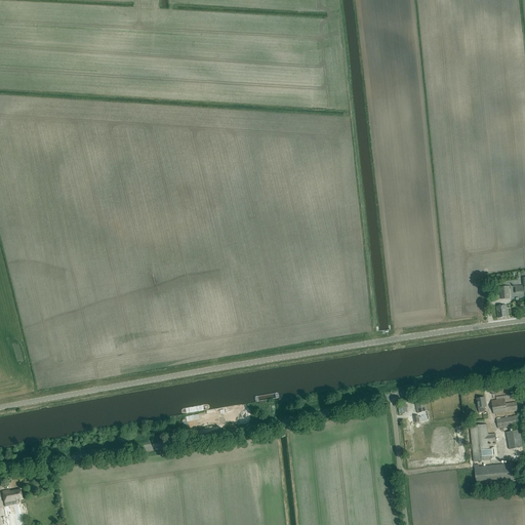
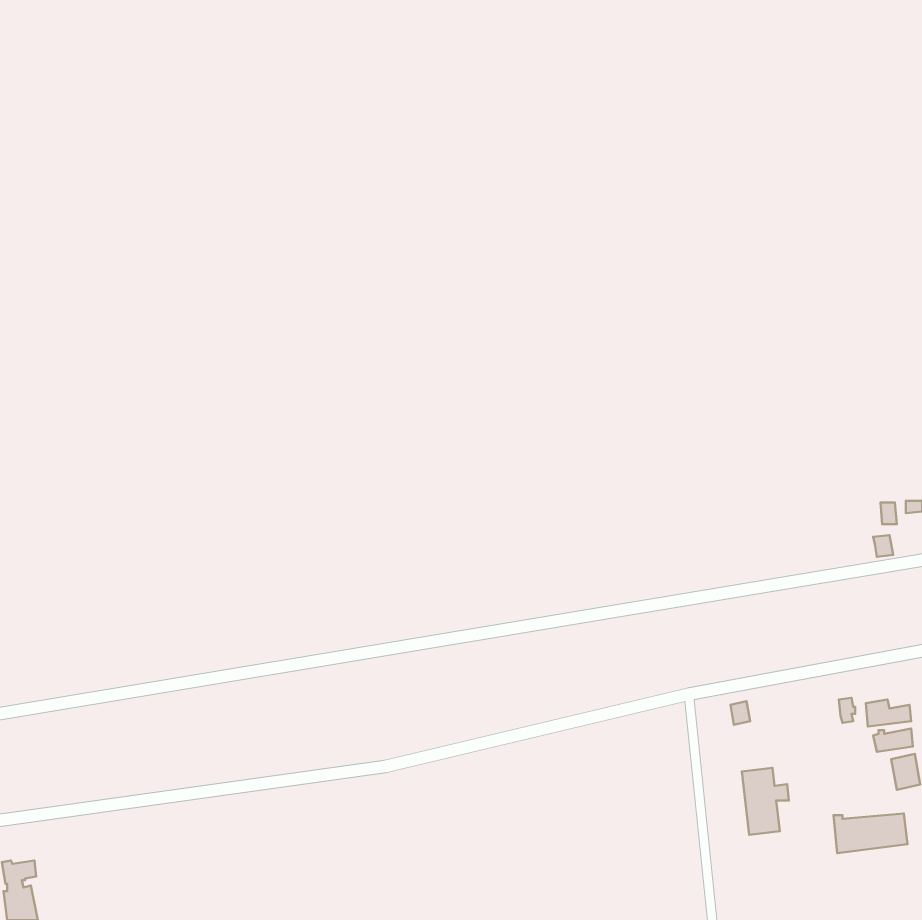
building: [469,422,495,460] -> [742,768,789,835]

